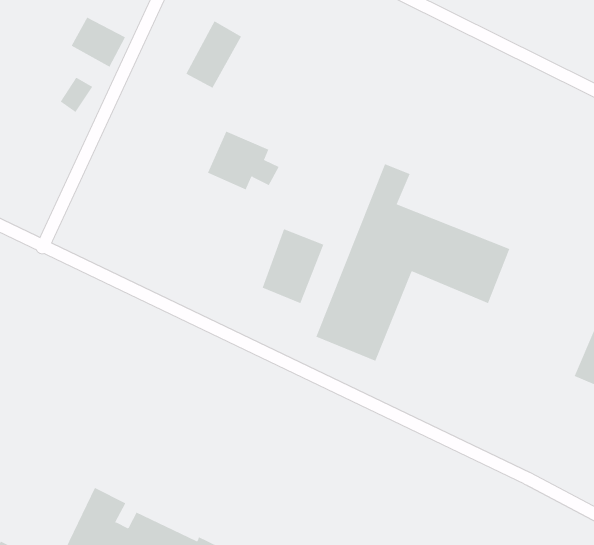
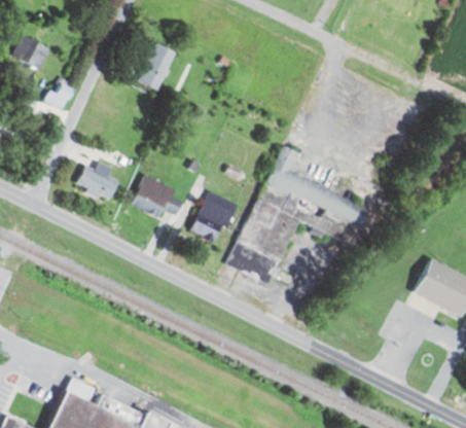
building: [71,17,126,68] -> [11,35,50,71]
building: [207,131,279,190] -> [132,176,183,218]
building: none -> [75,163,118,202]

